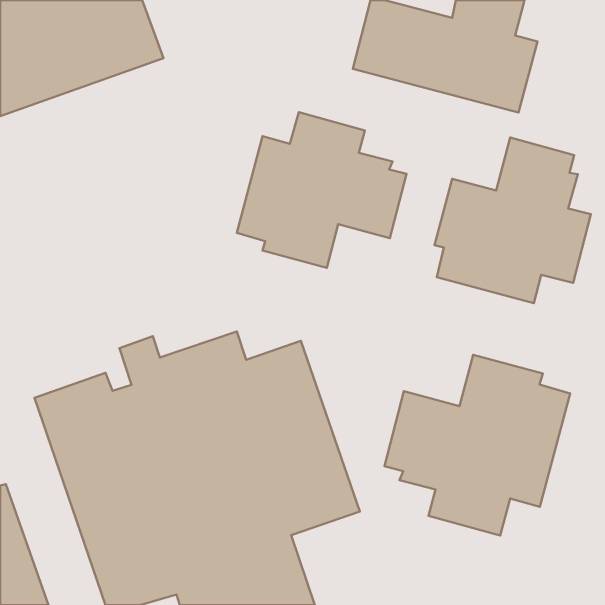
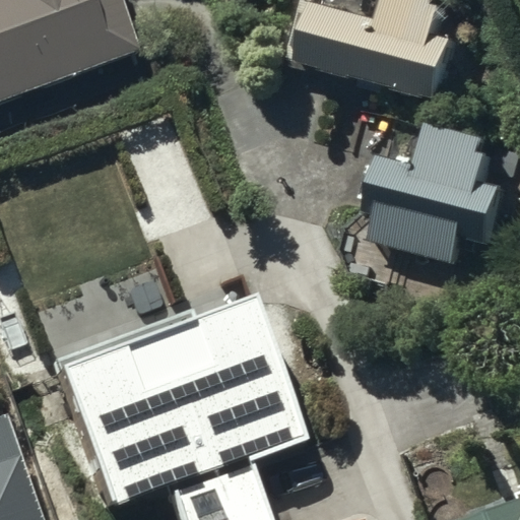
building: [237,112,406,268] -> none
building: [384,355,570,536] -> none

